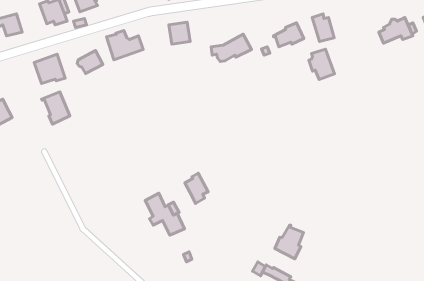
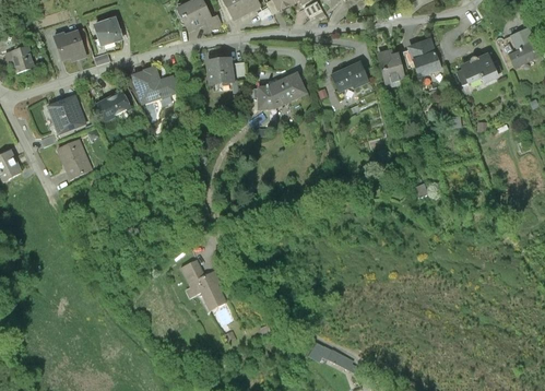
building: [309,49,335,79] -> [411,36,441,72]
building: [185,173,208,203] -> none
building: [275,225,304,259] -> none

